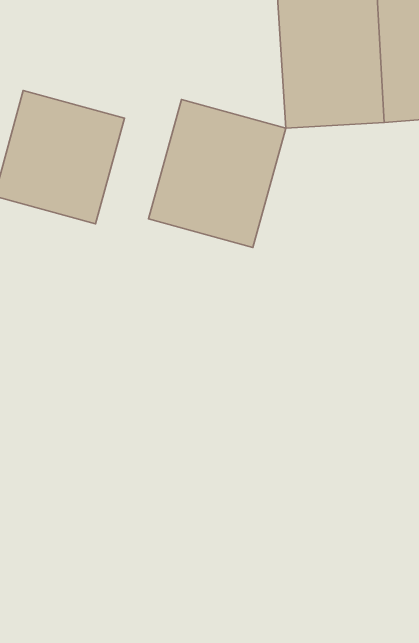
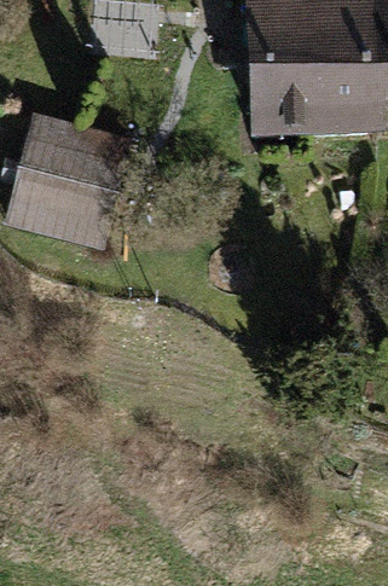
building: [149,99,286,248] -> none

